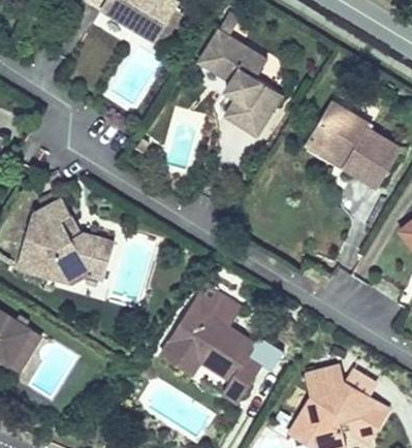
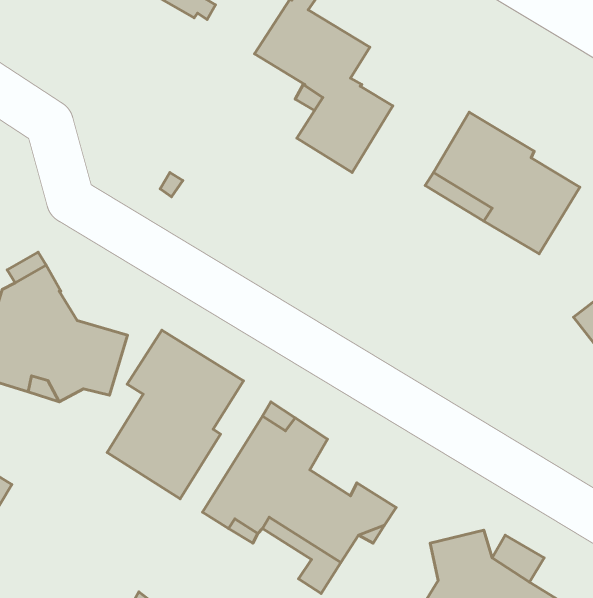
building: none -> [107,330,244,499]

